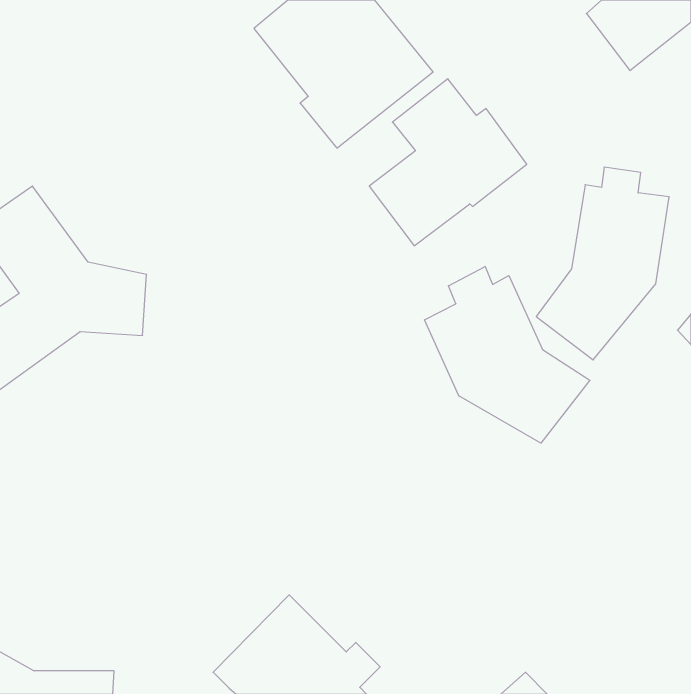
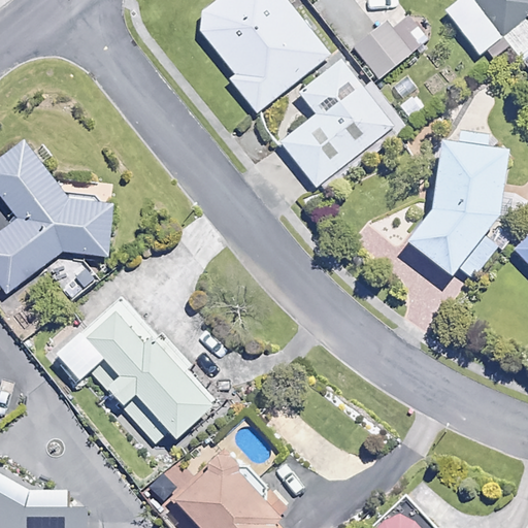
building: none -> [355,10,427,80]
building: [425,266,590,443] -> none
building: none -> [52,297,216,443]

